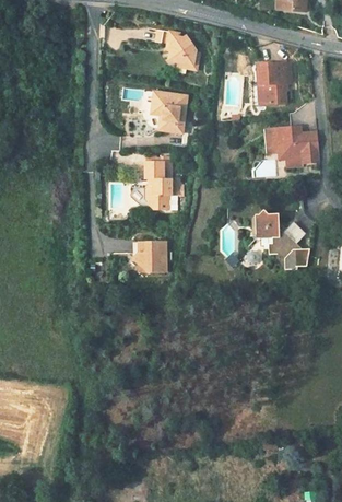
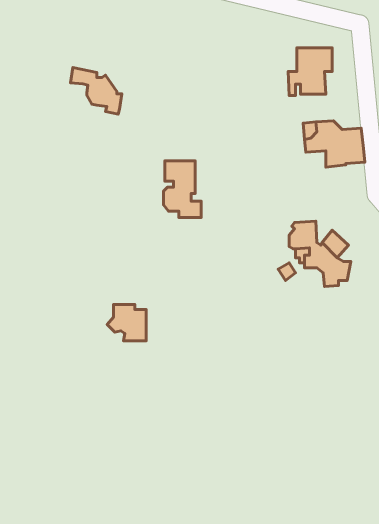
building: [155,31,200,71] -> [70,68,122,114]
building: [152,91,187,131] -> none
building: [132,241,166,272] -> [107,304,146,341]

